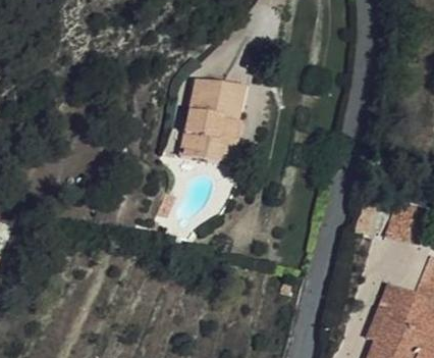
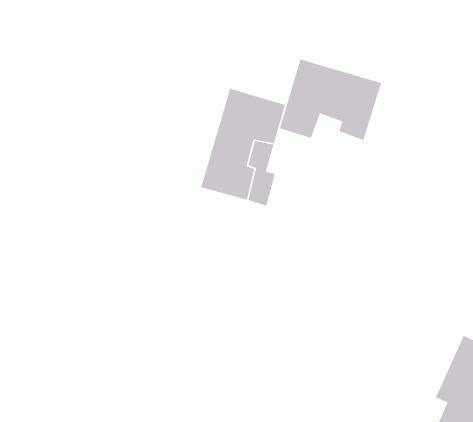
building: none -> [279,58,382,141]

